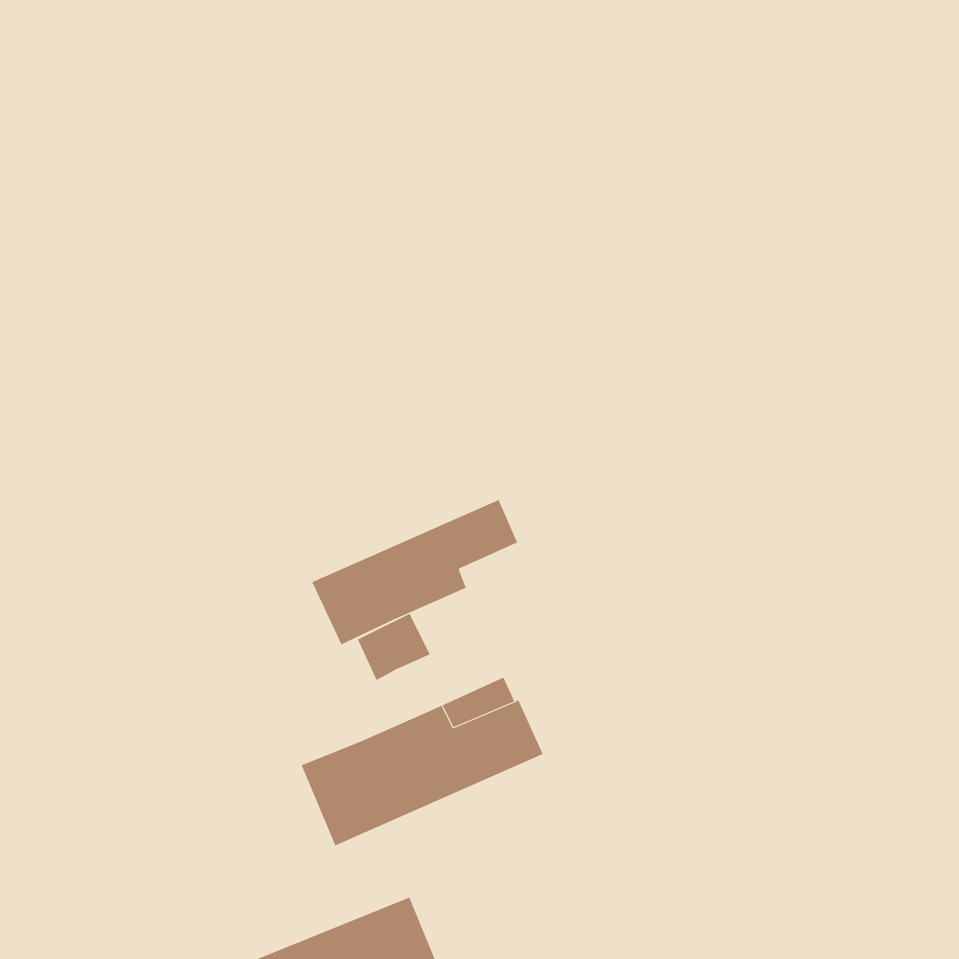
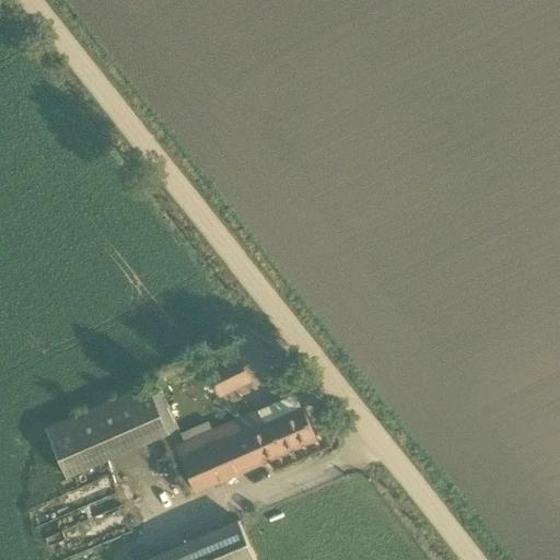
building: [312,499,518,645] -> none
building: none -> [46,386,170,478]

